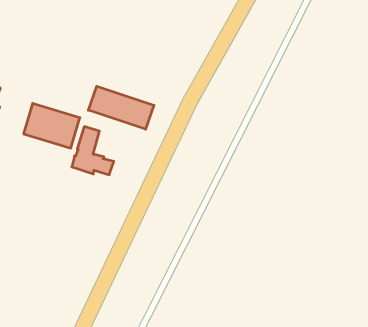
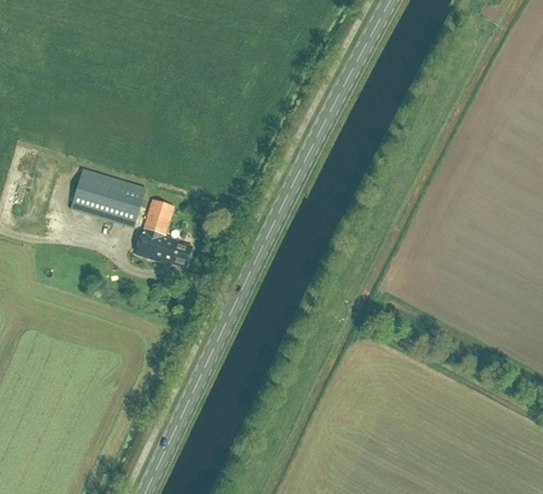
building: [88,86,154,129] -> none

